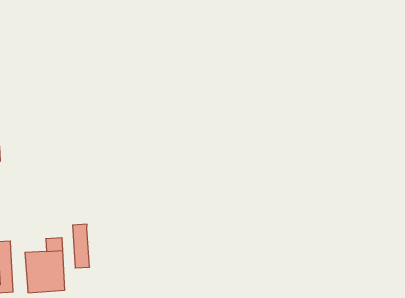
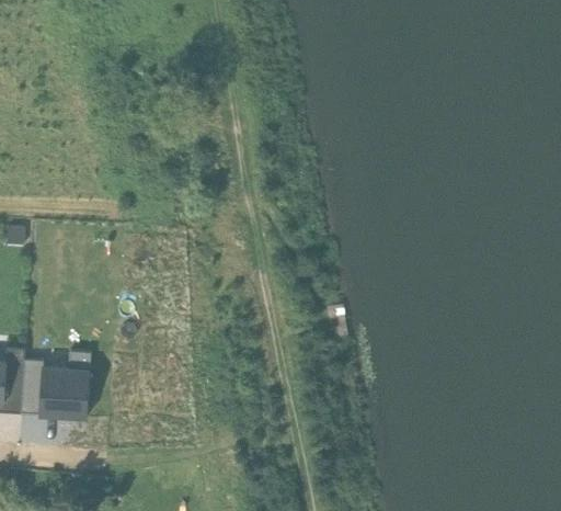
building: [73,224,90,268] -> [18,359,39,415]

